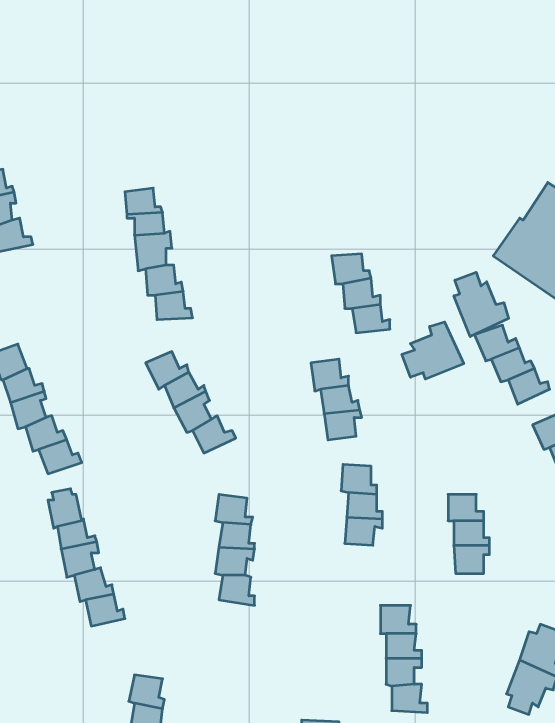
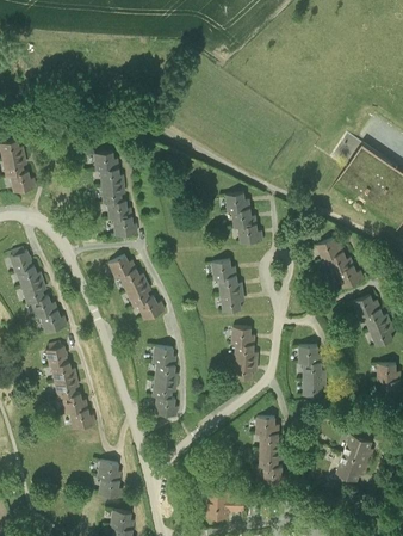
building: [454,272,509,337] -> none
building: [402,322,464,379] -> none

